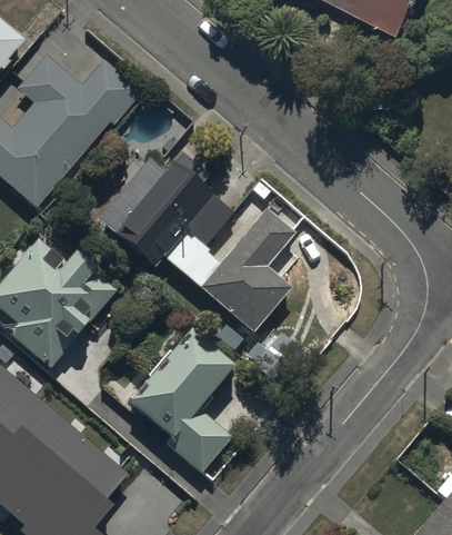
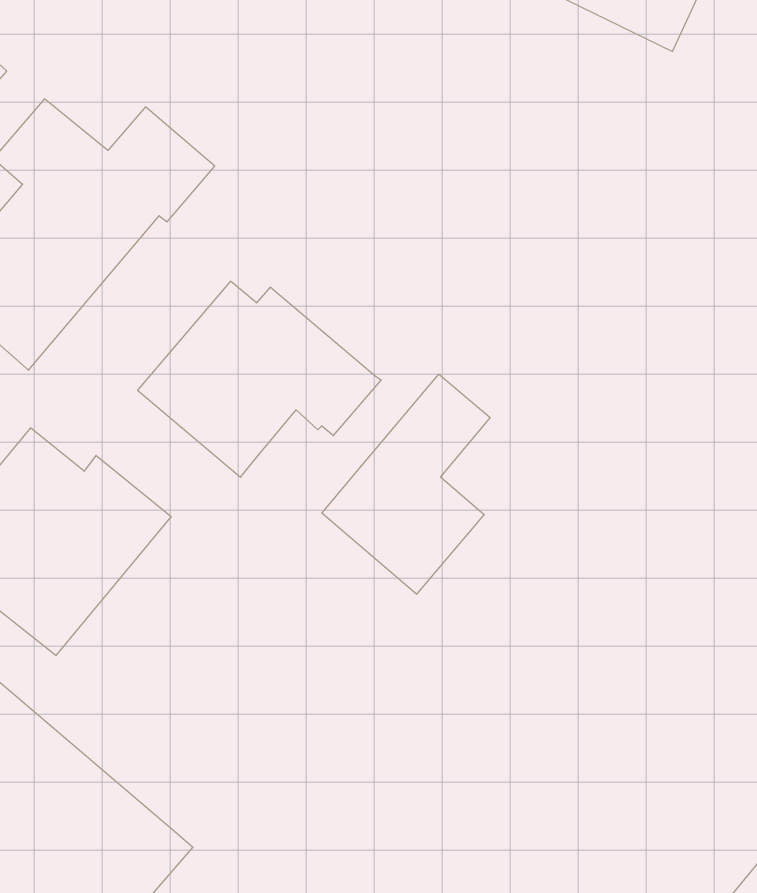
building: [163,231,222,289] -> none
building: [130,334,234,473] -> none

